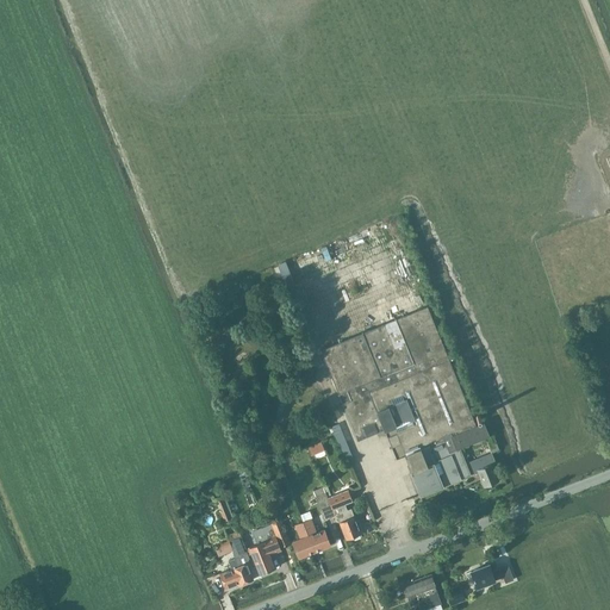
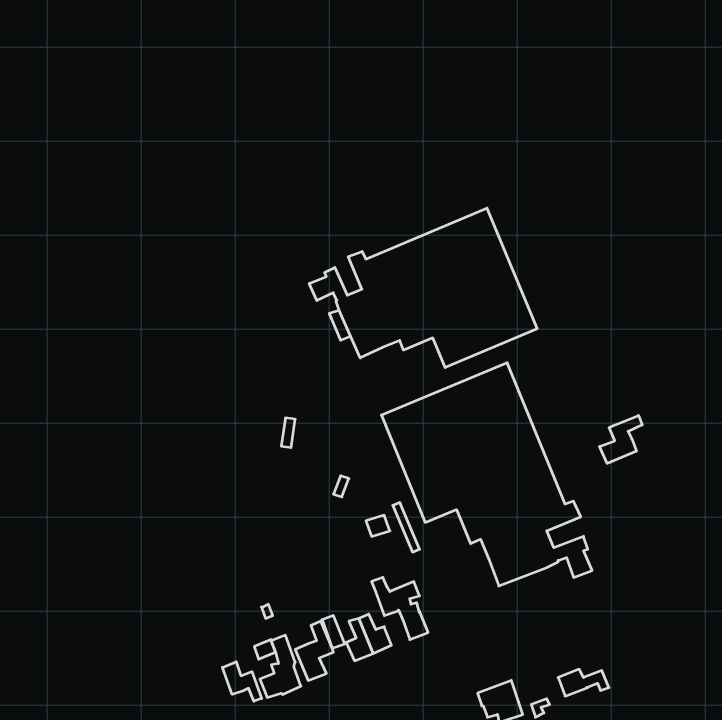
building: none -> [309,208,537,368]
building: none -> [600,415,642,463]
building: none -> [222,662,262,701]

